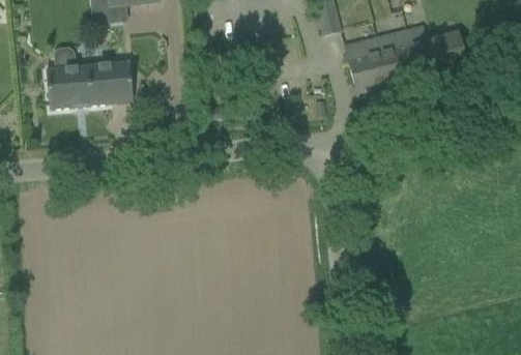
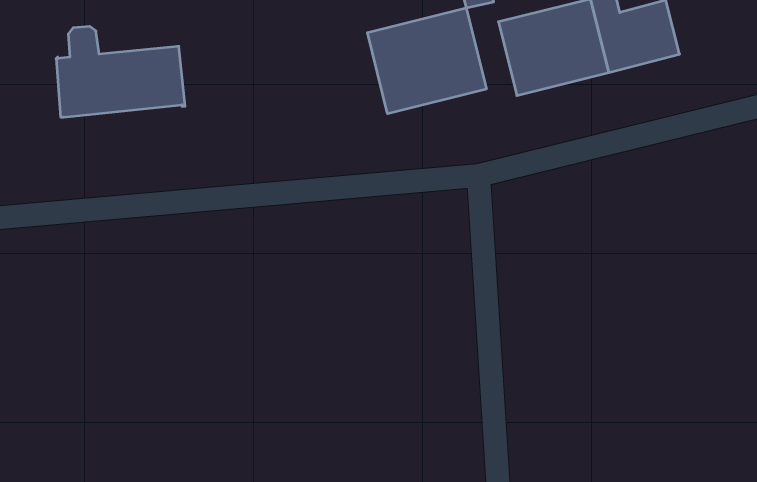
building: none -> [367,8,486,114]

